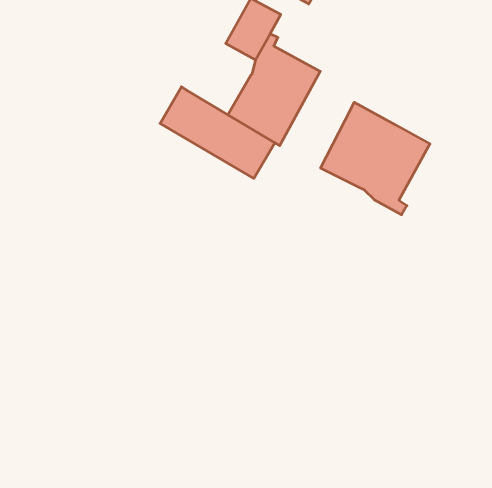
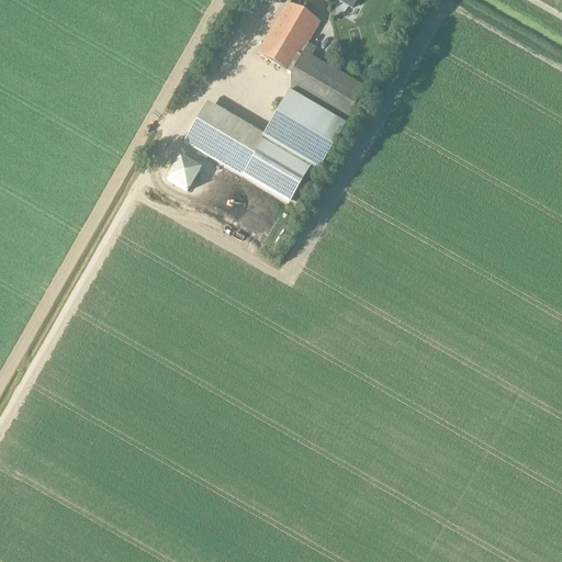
building: [321,102,430,215] -> none
building: none -> [170,157,204,191]

